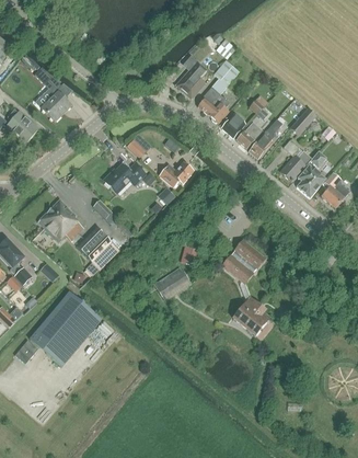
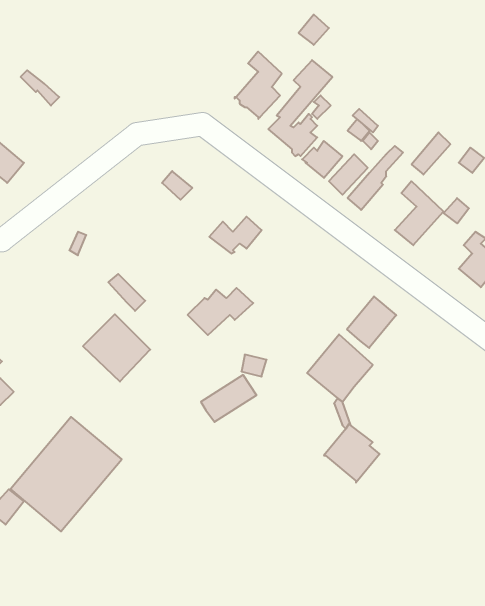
building: [41,91,71,121] -> none
building: [103,162,146,193] -> [188,288,253,335]
building: [296,164,325,197] -> none
building: [38,199,83,242] -> none
building: none -> [347,296,396,348]

